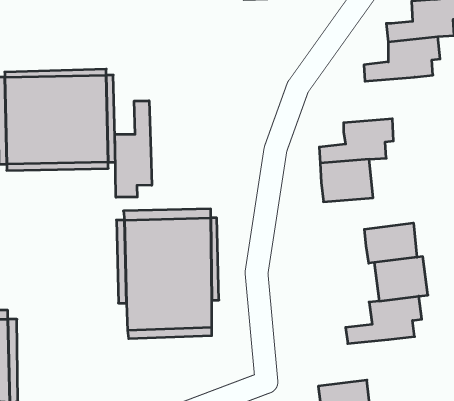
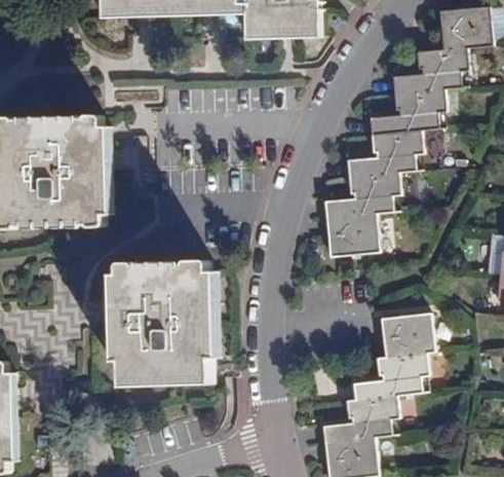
building: none -> [347,127,423,174]
building: [115,101,152,197] -> none
building: [364,223,417,263] -> none
building: none -> [321,394,396,441]

